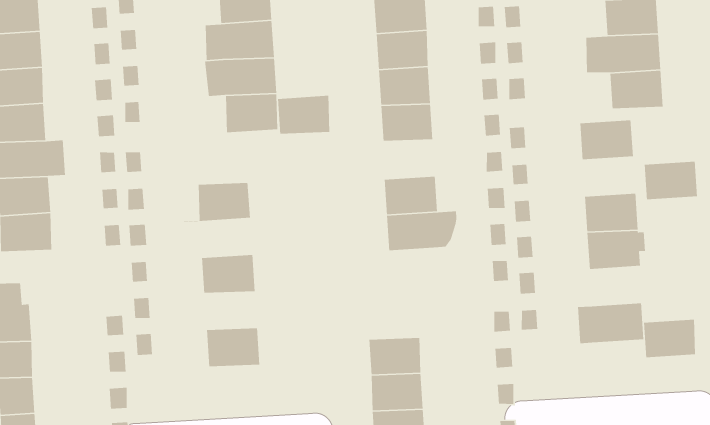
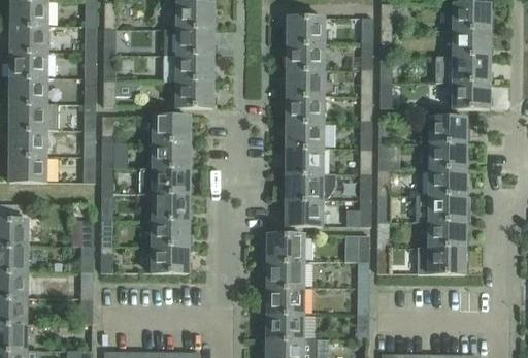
building: [277,95,330,134] -> [153,116,190,142]
building: none -> [286,120,323,147]
building: [644,161,698,200] -> [428,142,465,168]
building: none -> [140,168,189,194]
building: none -> [286,198,322,225]
building: none -> [152,220,189,247]
building: none -> [267,233,304,261]
building: [643,319,696,358] -> [428,221,465,247]

